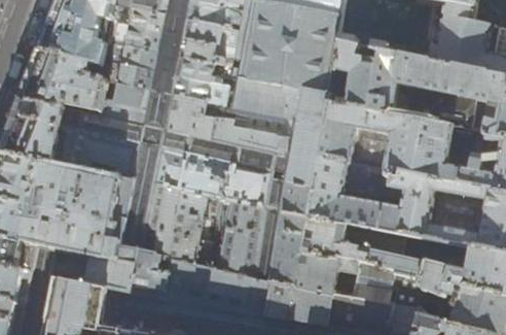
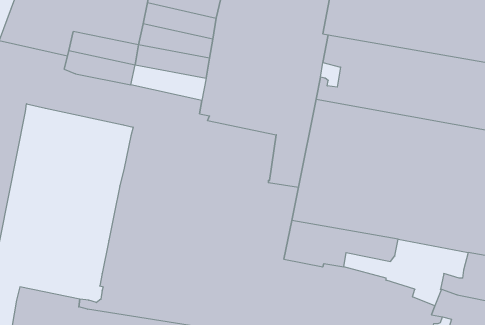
building: [159,67,229,100] -> none
building: [46,121,142,284] -> none
building: [357,241,468,291] -> none

